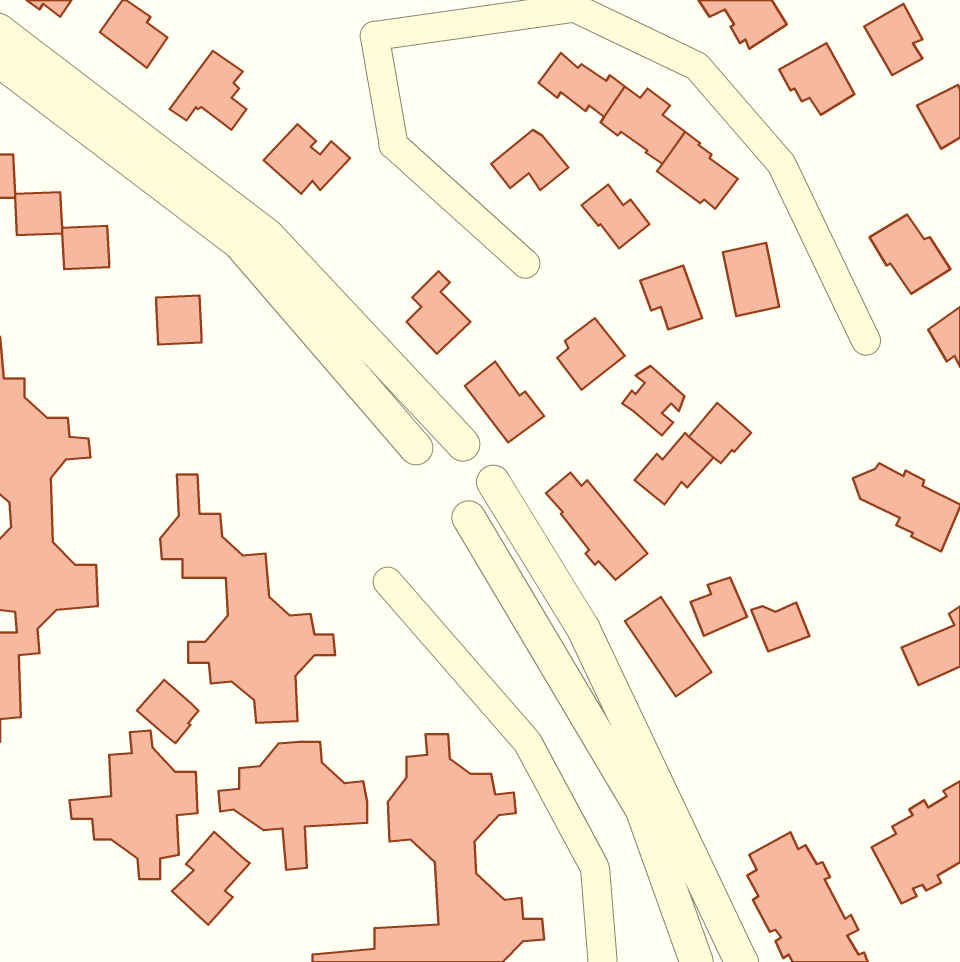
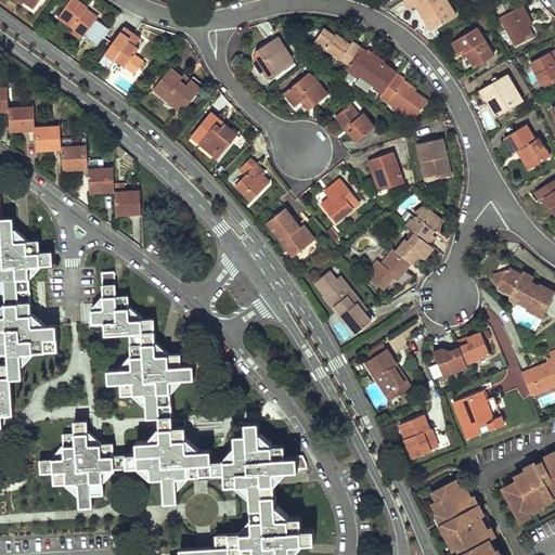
building: none -> [255,39,294,79]
building: none -> [477,73,520,116]
building: none -> [190,114,235,158]
building: none -> [63,150,90,176]
building: none -> [116,193,142,219]
building: [622,366,684,436] -> [406,206,442,246]
building: [691,577,747,636] -> [459,333,491,366]
building: none -> [454,389,502,433]
building: [137,680,199,743] -> none
building: none -> [400,415,437,457]
building: [172,832,250,925] -> none

